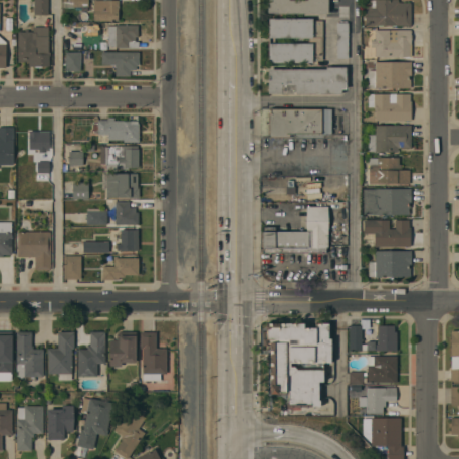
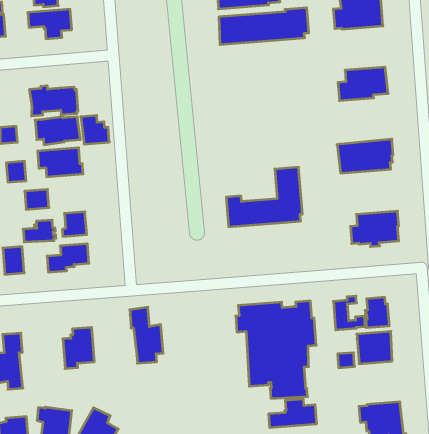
building: [368,93,411,120] -> none
building: [268,110,331,137] -> none
building: [368,157,409,184] -> none
building: [114,201,138,225] -> [81,115,109,144]
building: [363,220,410,246] -> none
building: [77,331,104,376] -> none
building: [140,331,166,380] -> [130,307,163,363]
building: [367,387,396,413] -> none
building: none -> [269,399,316,428]

